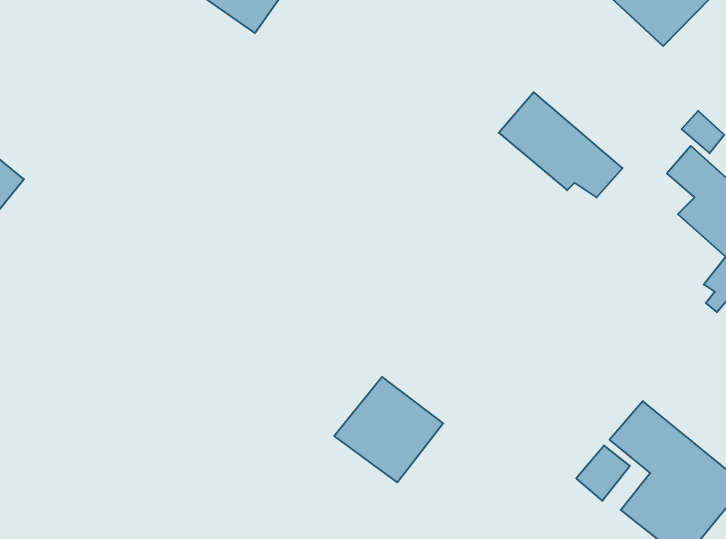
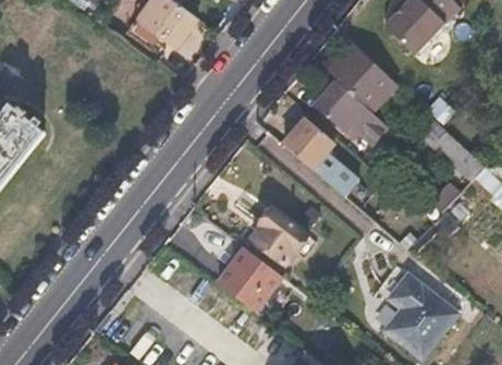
building: none -> [329,45,399,115]
building: none -> [285,122,359,197]
building: none -> [254,210,308,267]

